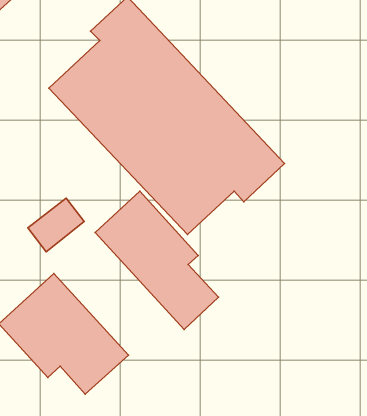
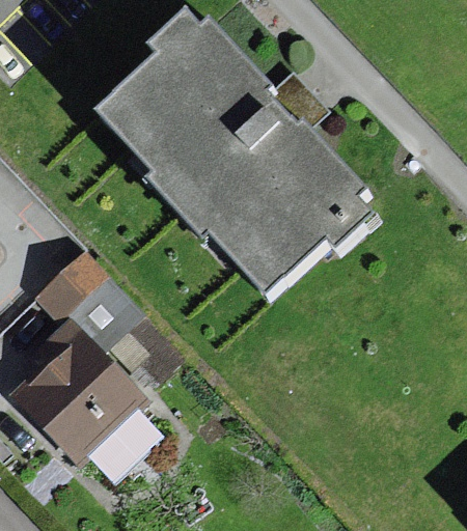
building: [95,191,219,329] -> none

